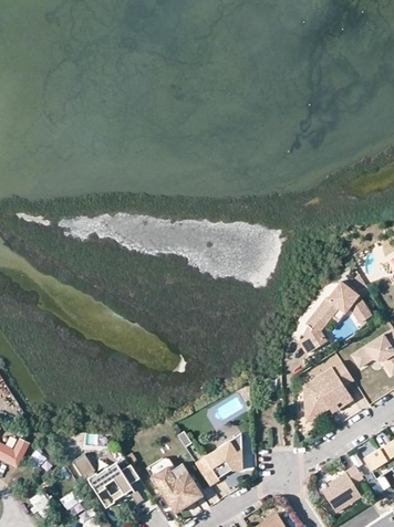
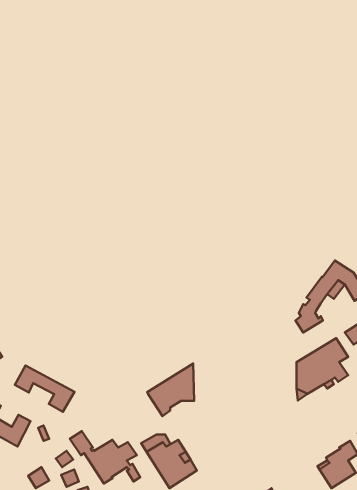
building: none -> [15,365,74,412]
building: [193,432,240,485] -> [147,364,194,416]

